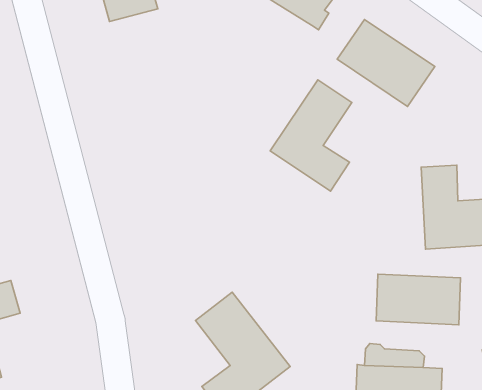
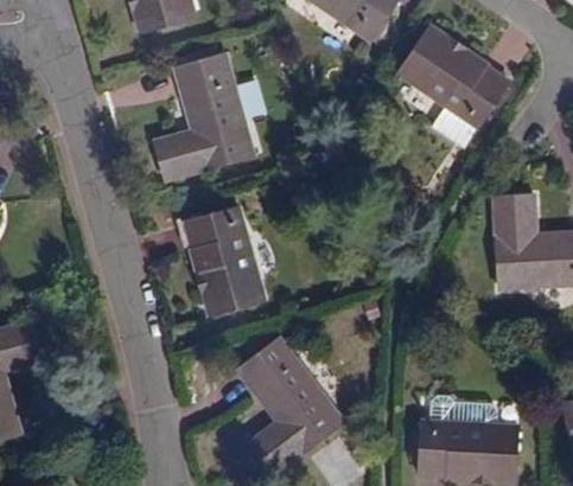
building: none -> [154,52,254,179]
building: [270,80,352,191] -> none
building: none -> [184,206,262,313]
building: [376,274,461,325] -> none

